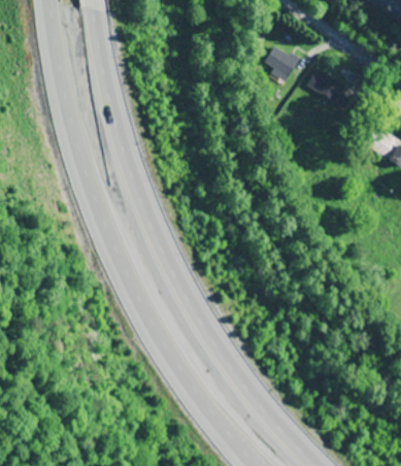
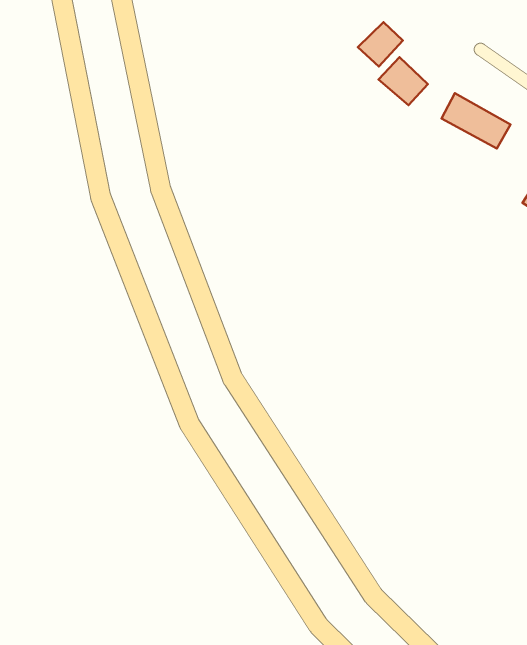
building: none -> [358,22,403,67]

